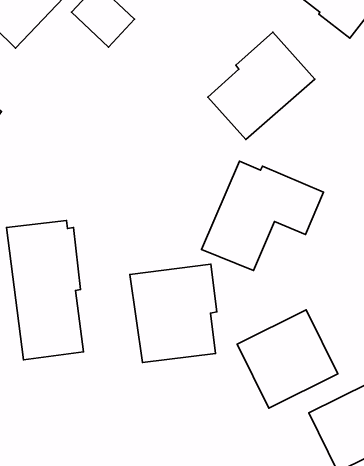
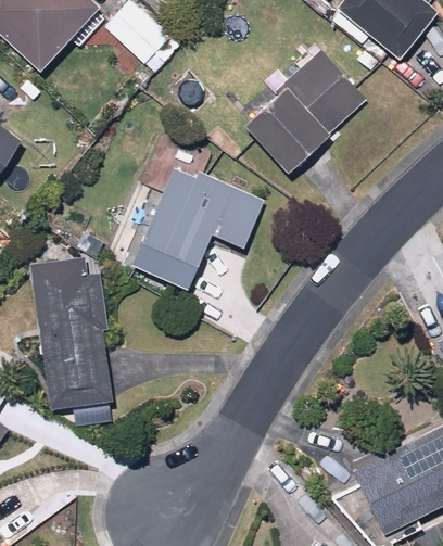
building: [202,161,324,270] -> [131,169,264,288]
building: [130,264,217,362] -> none
building: [237,310,338,408] -> none

